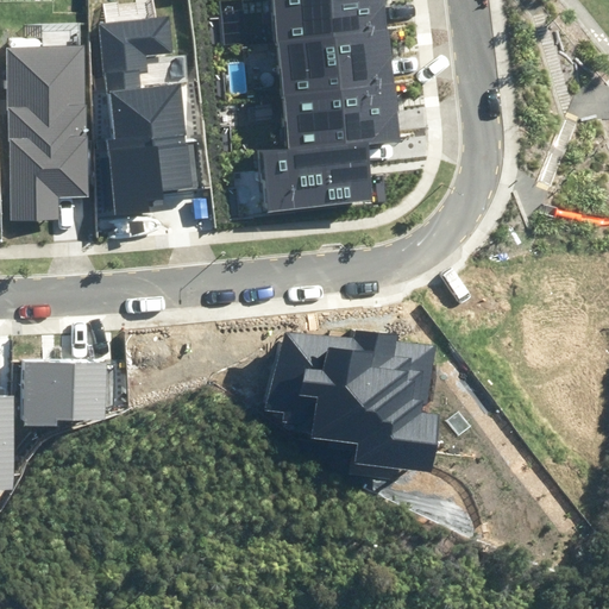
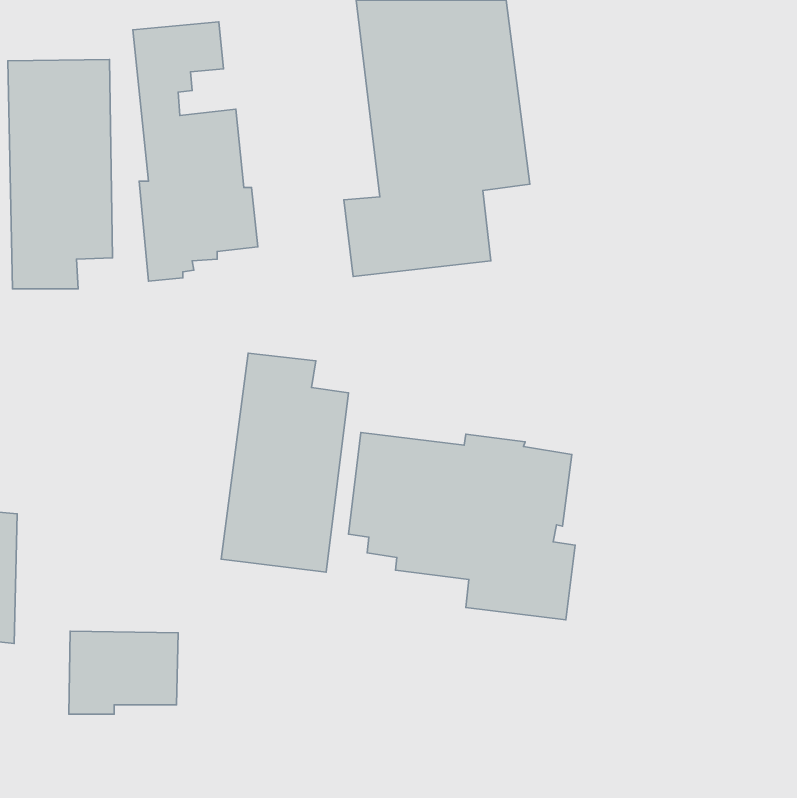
building: none -> [221,353,348,572]
building: [21,363,105,426] -> [69,631,178,714]

